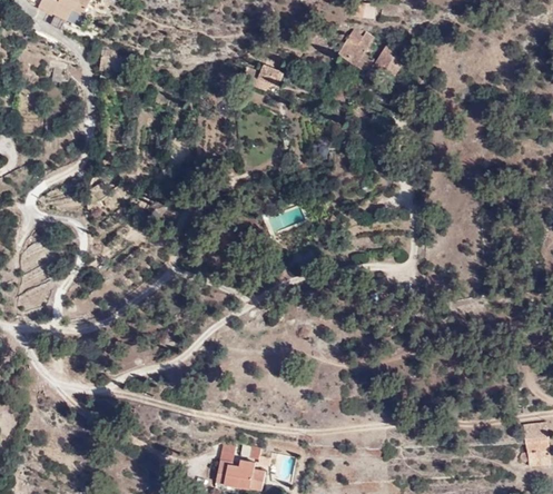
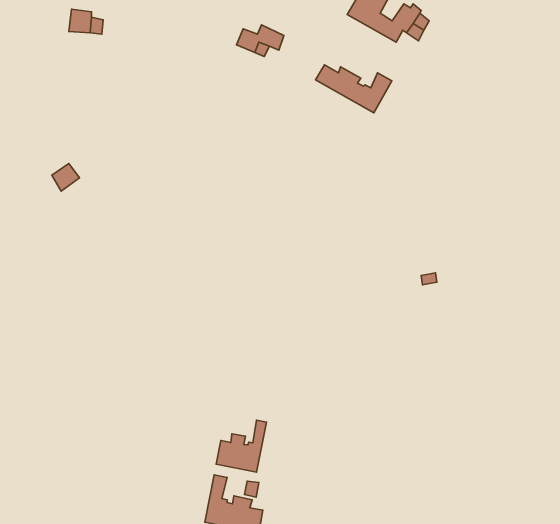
building: none -> [315,65,392,113]
building: none -> [216,420,266,472]

